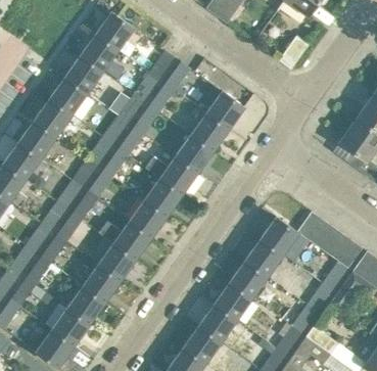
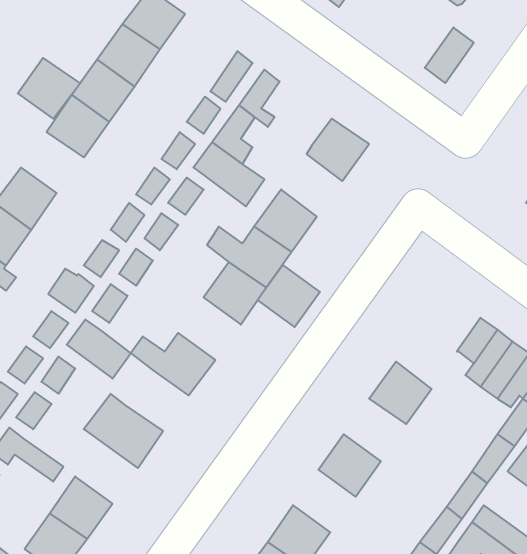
building: [34,99,72,136] -> [18,58,80,119]
building: [191,112,228,150] -> none
building: [129,199,167,237] -> [257,265,320,327]
building: [261,217,298,254] -> none
building: [97,243,135,280] -> none
building: [229,261,267,298] -> none
building: [66,286,104,324] -> none
building: [198,304,236,341] -> none

